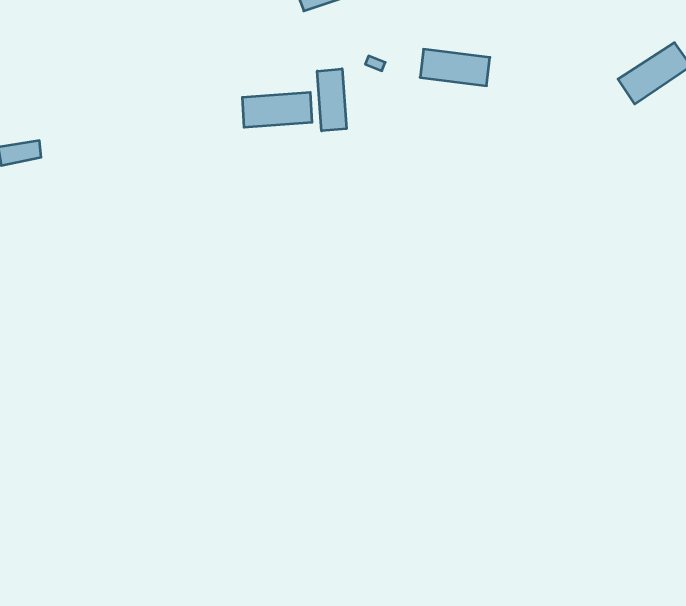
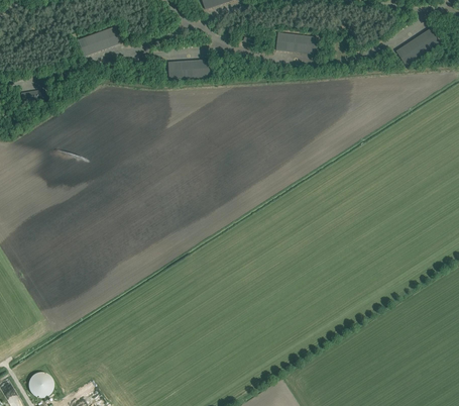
building: none -> [77,26,121,57]
building: [317,69,346,131] -> none

